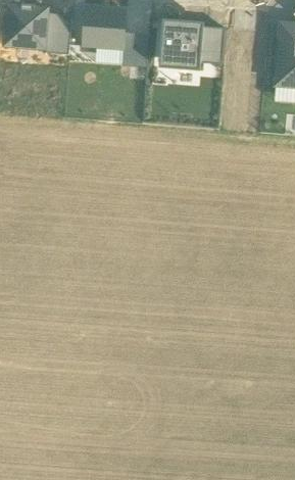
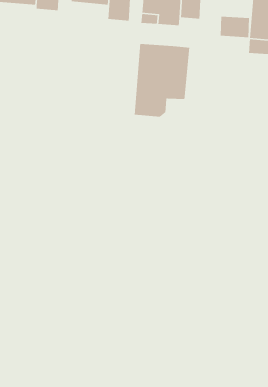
building: none -> [220,16,250,38]
building: none -> [134,43,190,117]

